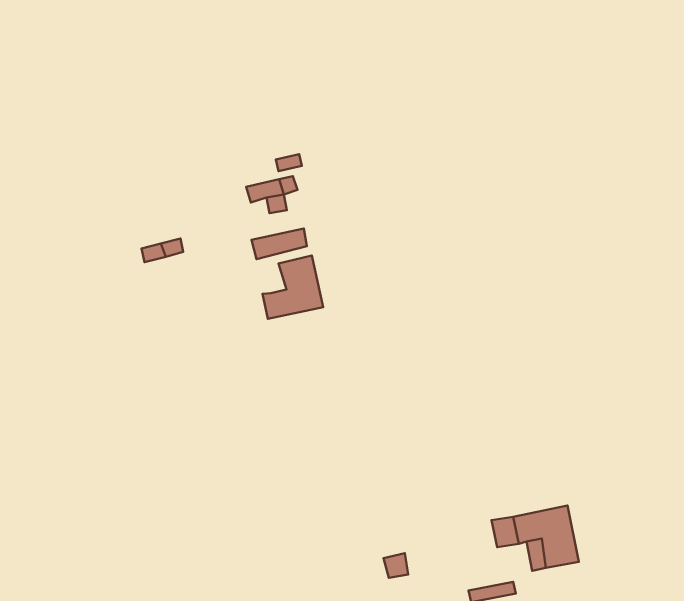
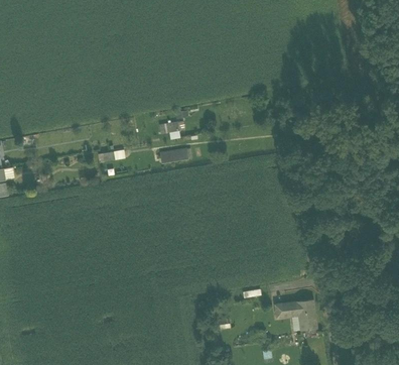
building: [263,256,323,319] -> none

